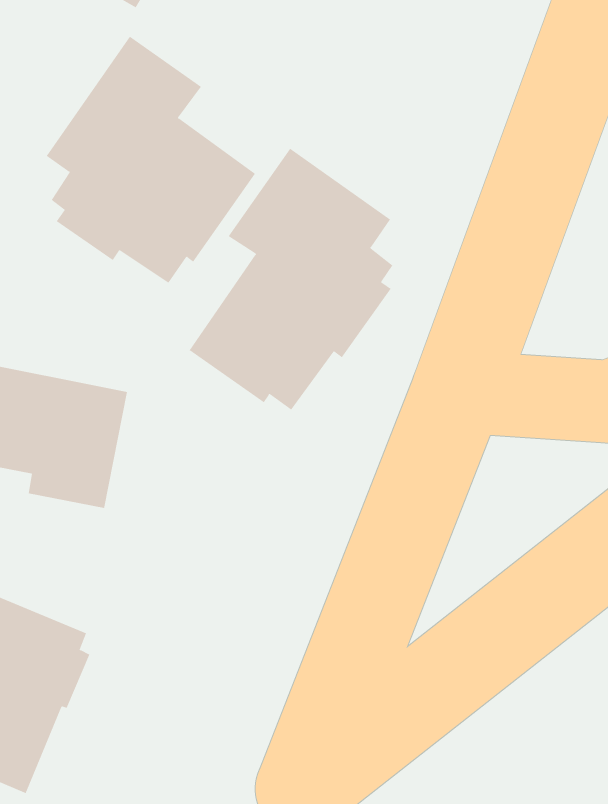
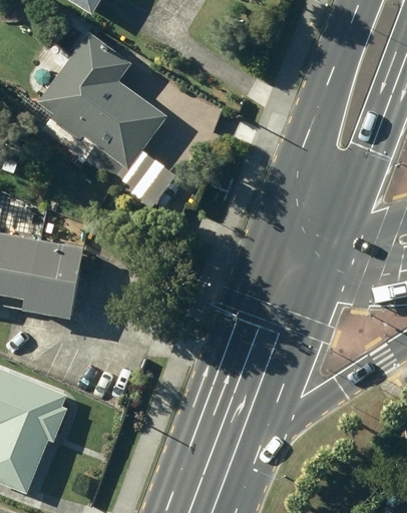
building: [189,148,393,411] -> none

